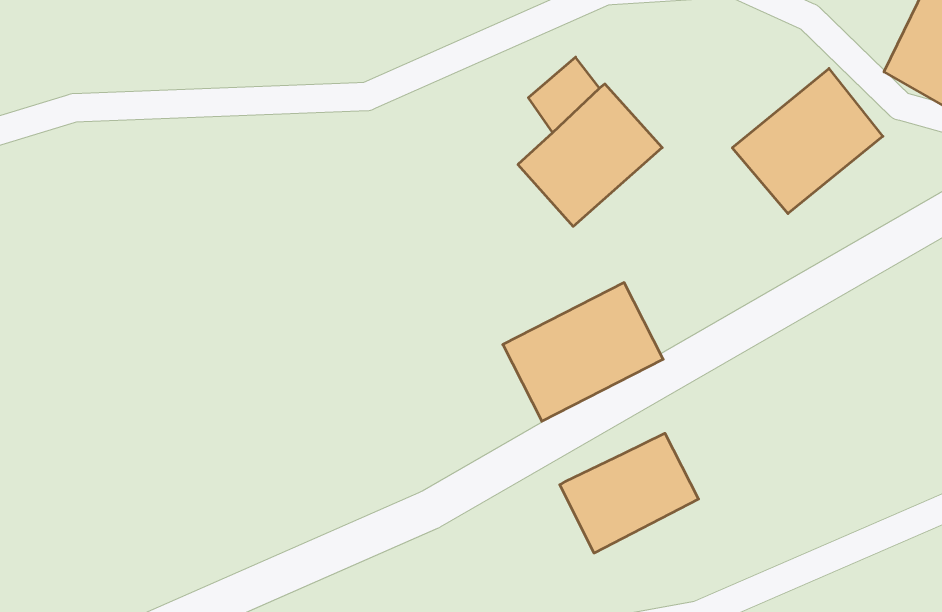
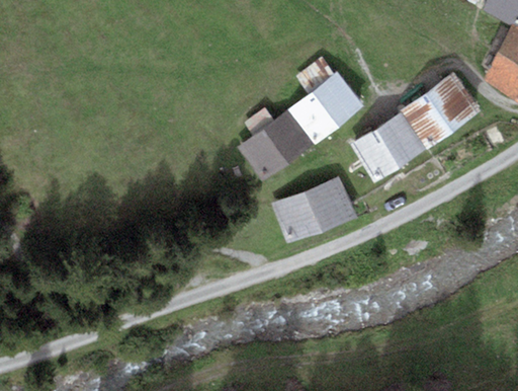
building: none -> [355,112,425,180]
building: none -> [238,106,313,181]
building: [560,433,699,553] -> none

